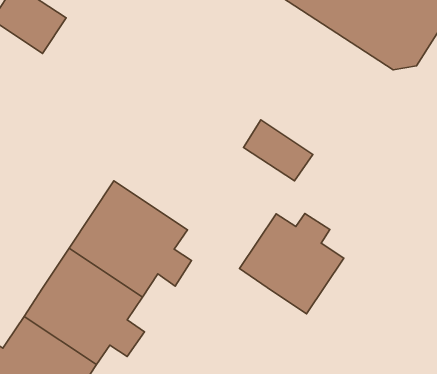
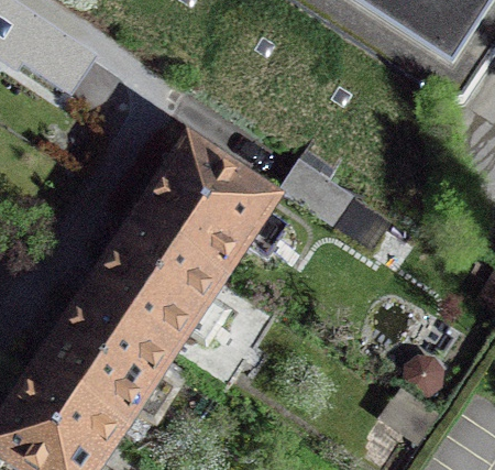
building: none -> [138,140,284,266]
building: [240,214,344,314] -> none

